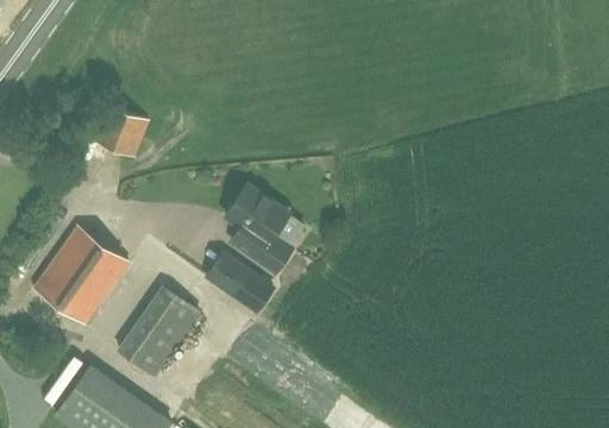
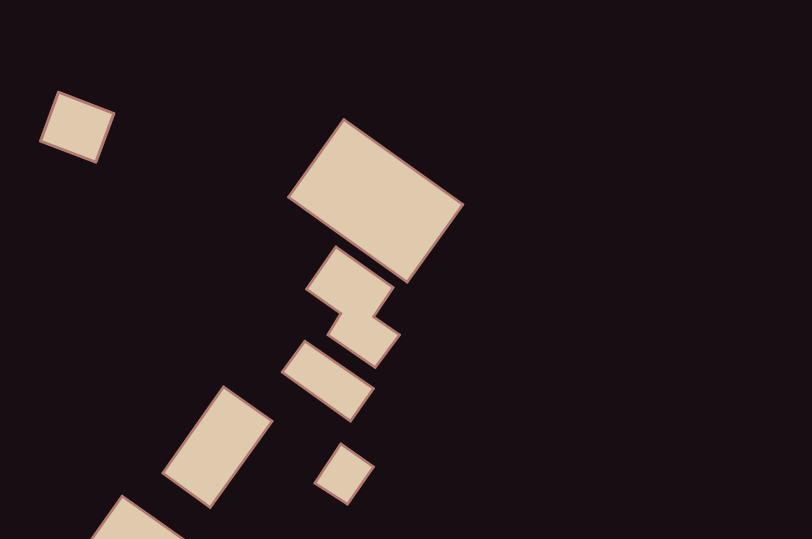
building: none -> [288,120,463,282]
building: [94,106,147,157] -> [40,92,114,162]
building: [34,226,128,323] -> none

